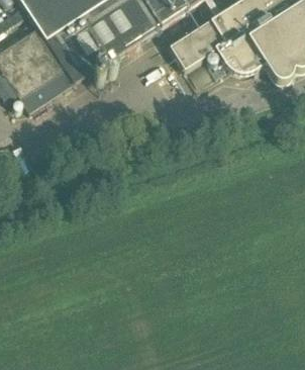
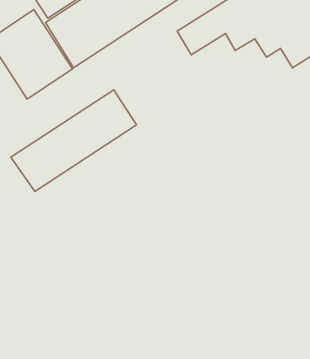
building: none -> [11,90,137,192]

